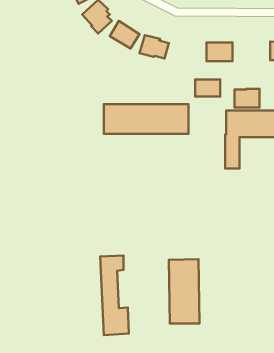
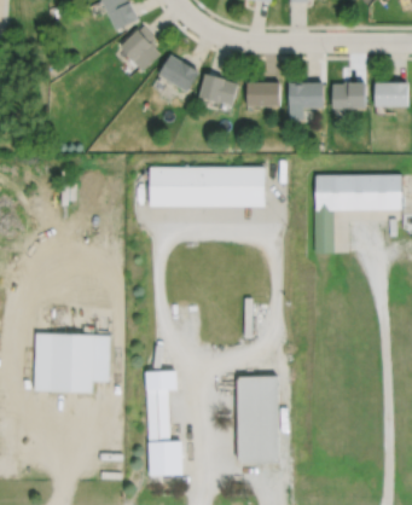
building: [195,80,220,97] -> [246,82,280,105]
building: [235,89,260,108] -> [332,82,366,108]
building: none -> [34,332,110,393]

